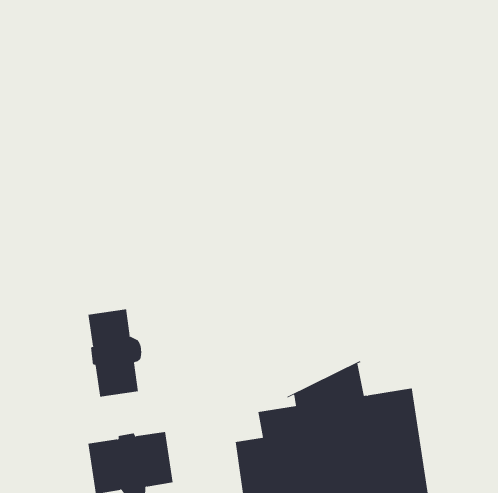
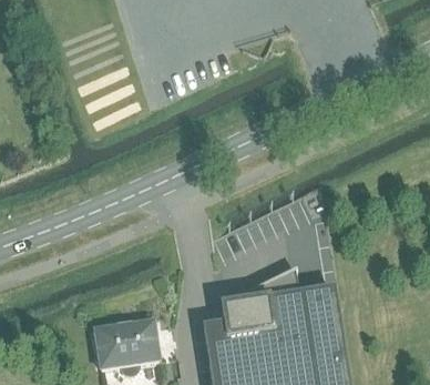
building: [88,308,142,398] -> none

